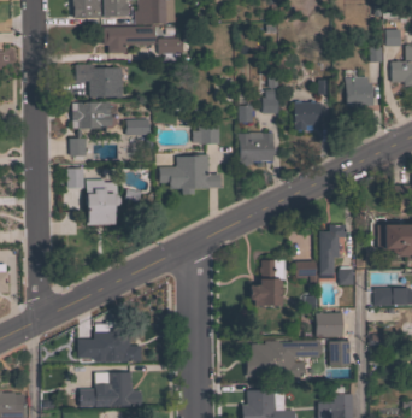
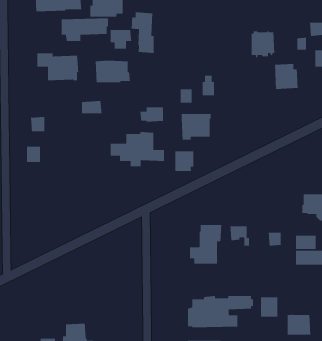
building: none -> [131,11,155,54]
building: [72,101,113,128] -> [95,60,131,83]
building: [294,101,322,133] -> [251,31,275,58]
building: none -> [174,150,194,172]
building: [84,181,119,224] -> none
building: [319,225,346,275] -> none
building: [316,312,343,337] -> [287,313,311,335]
building: [77,328,142,363] -> none

